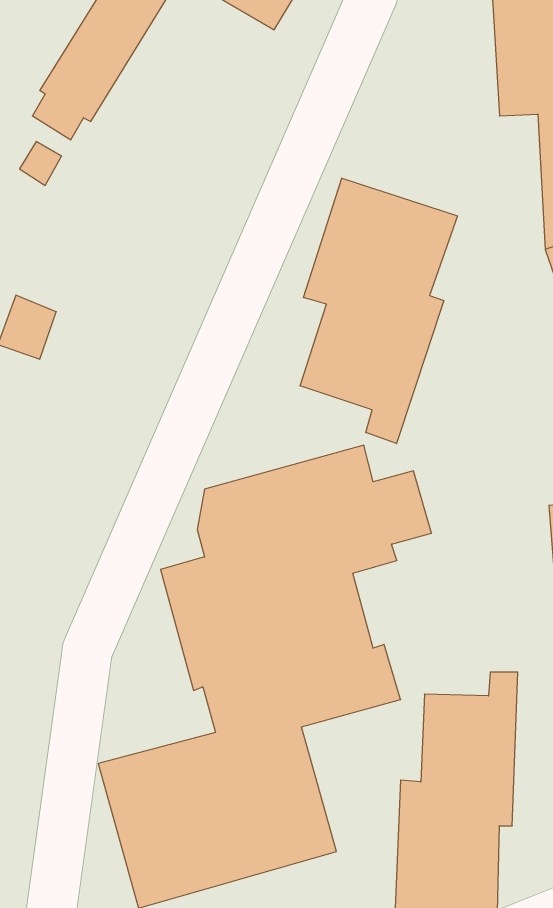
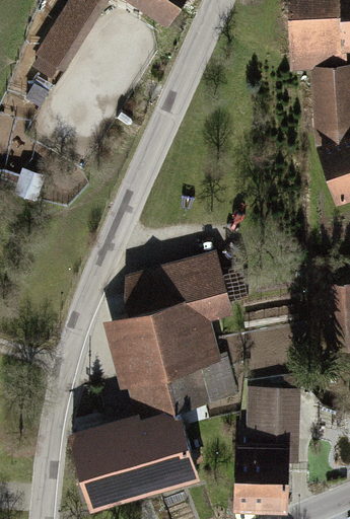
building: [300,178,457,444] -> none

